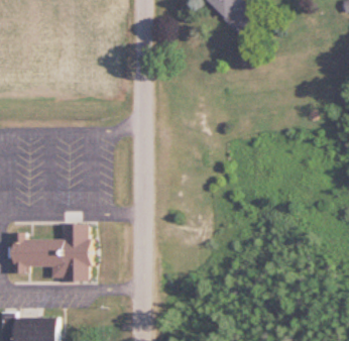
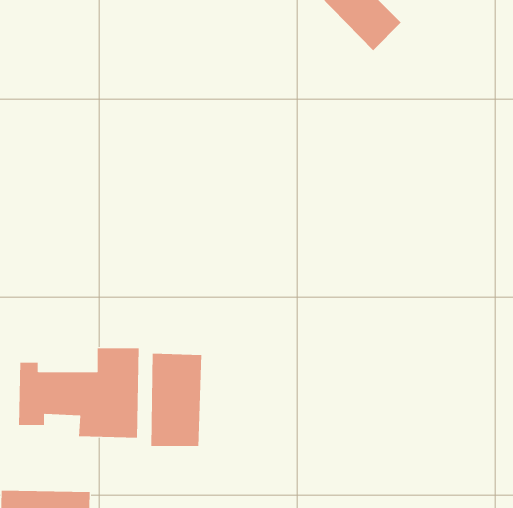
building: none -> [151,353,202,447]

